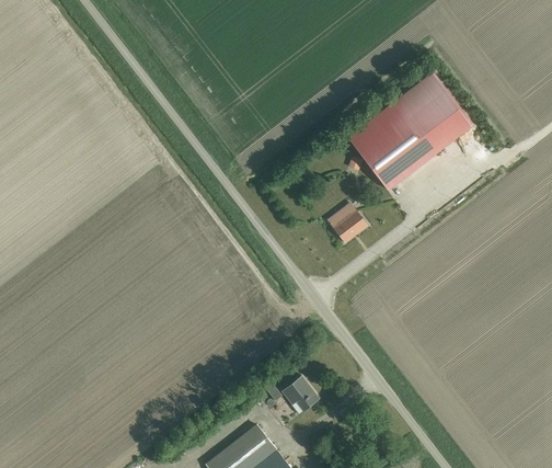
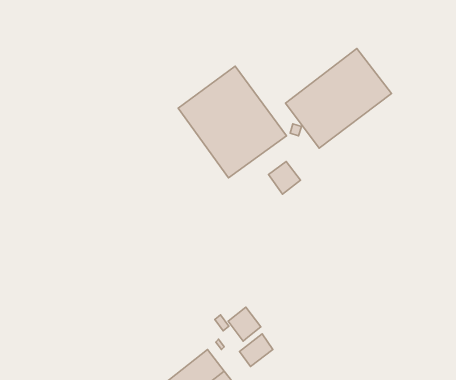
building: none -> [178,66,287,178]
building: none -> [239,334,273,366]

